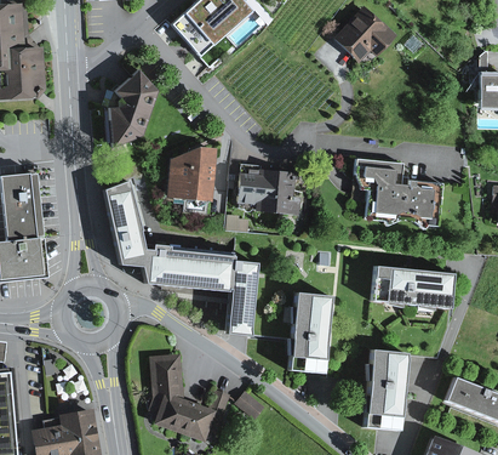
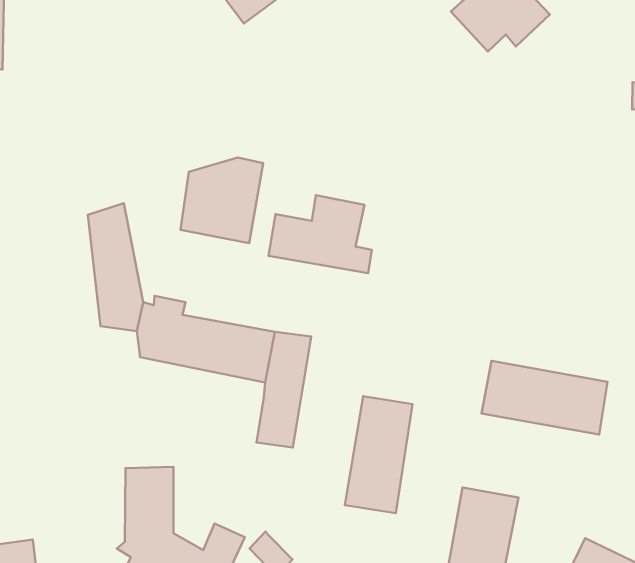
building: [104,69,153,142] -> none
building: [347,155,435,221] -> none

